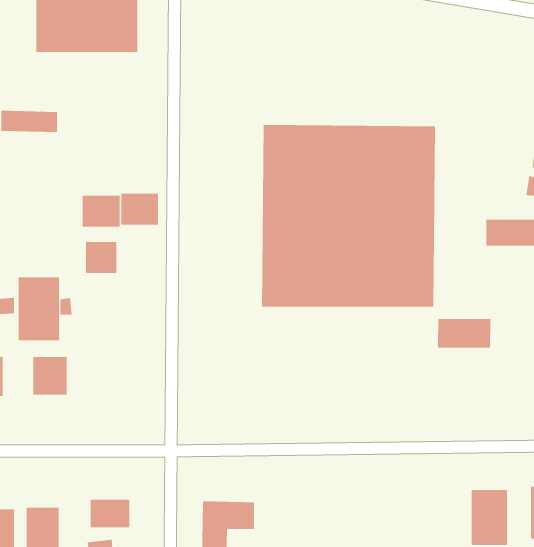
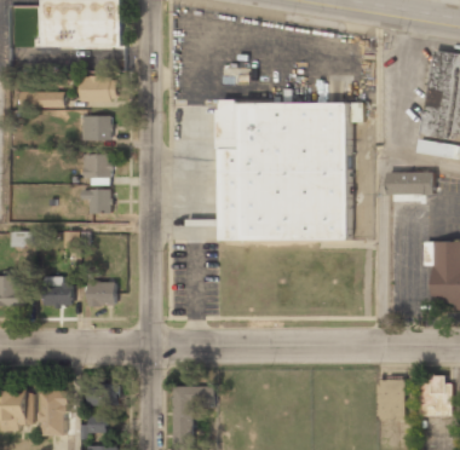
building: none -> [79,76,117,102]
building: [120,193,159,225] -> [81,116,110,140]
building: [18,276,60,341] -> none
building: [437,318,491,349] -> none
building: none -> [87,281,115,306]

